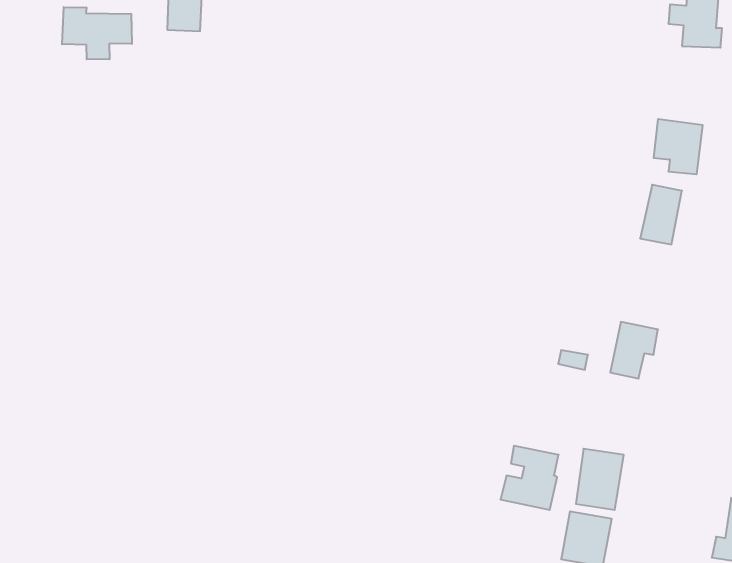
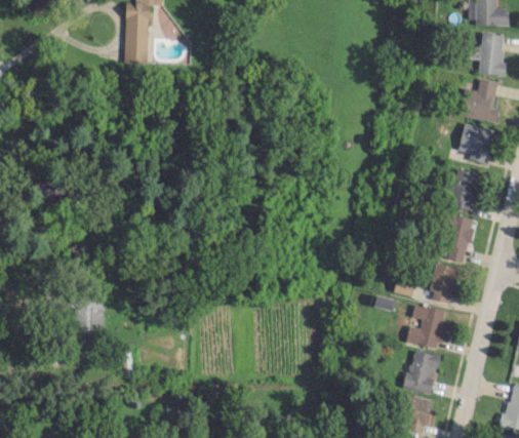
building: [62,7,132,59] -> none
building: none -> [463,79,498,121]
building: none -> [442,213,475,262]
building: [500,446,559,510] -> [406,305,446,349]

